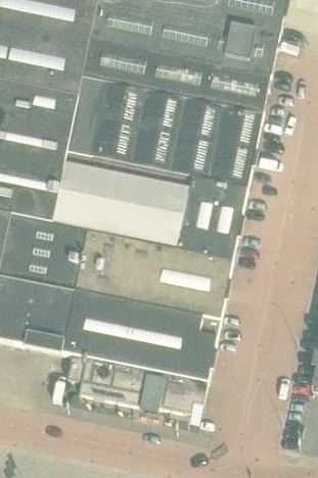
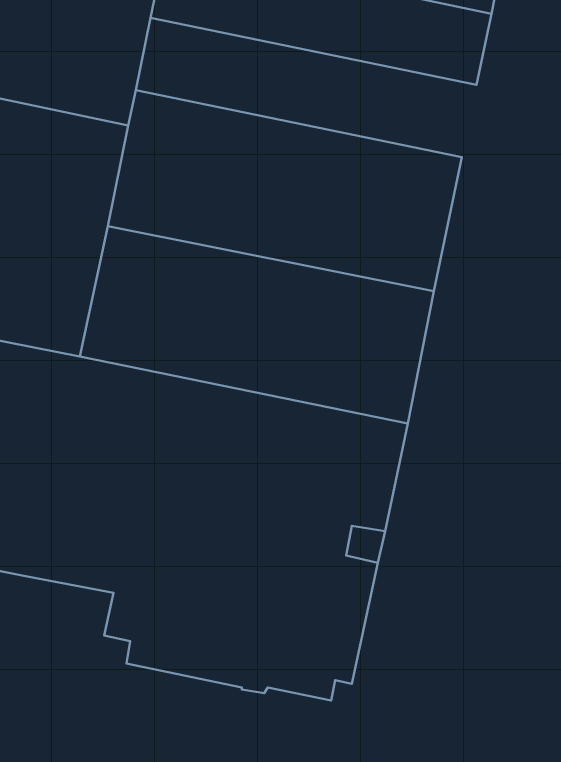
building: [82,36,269,112] -> none

